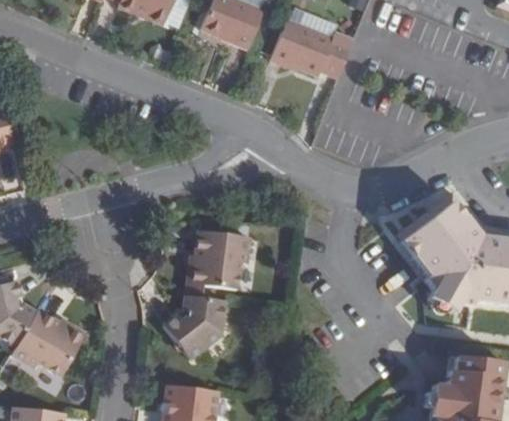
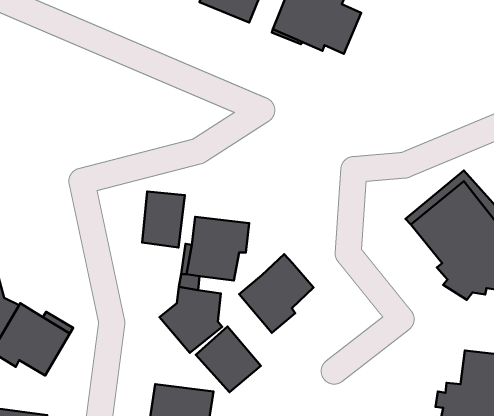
building: none -> [142,192,185,247]
building: none -> [239,254,313,333]
building: none -> [196,326,261,392]

